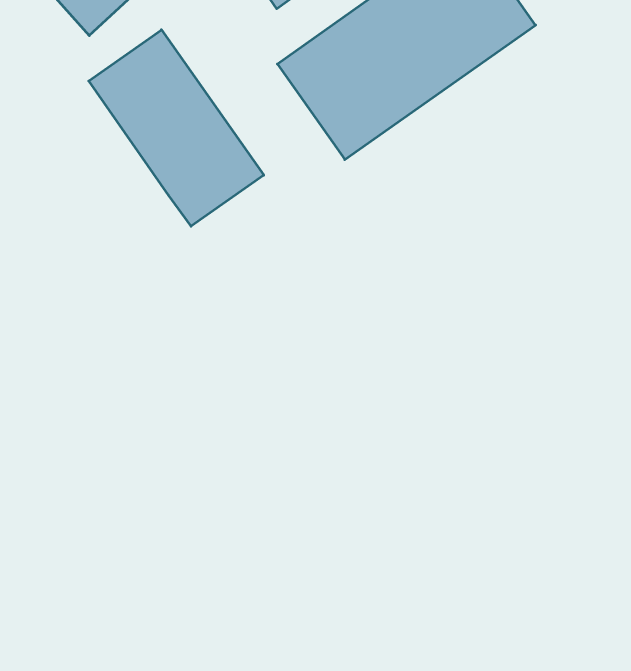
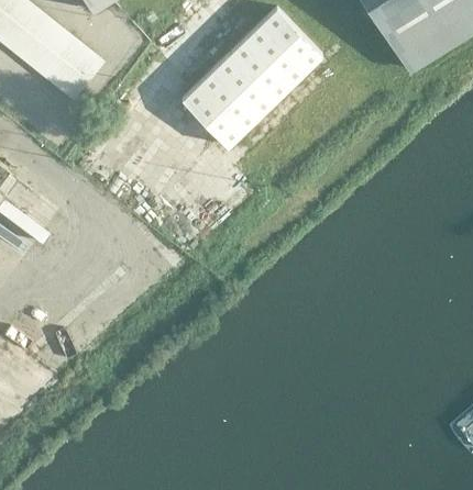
building: [89,30,264,226] -> none

